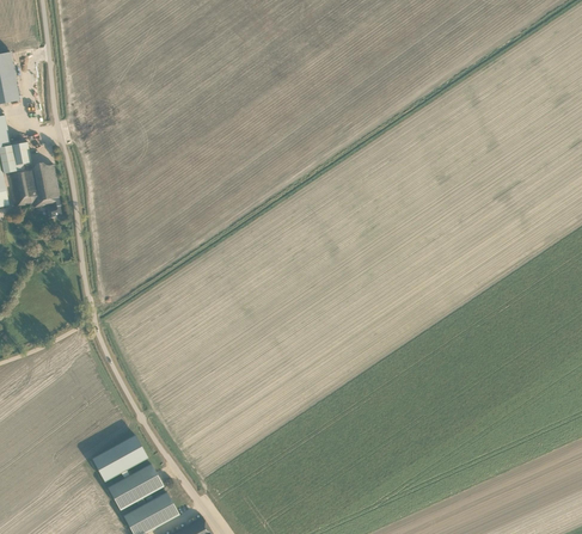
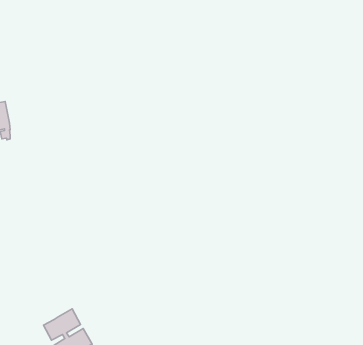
building: [91,435,147,481] -> none

